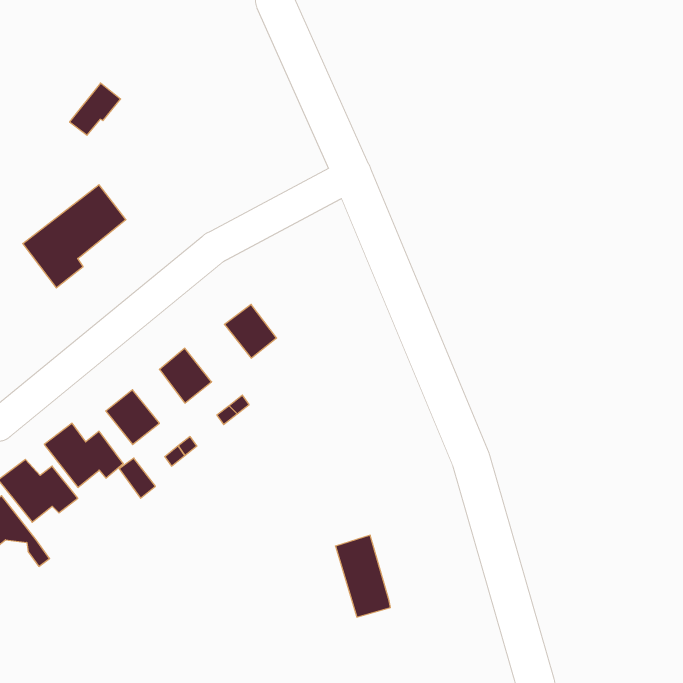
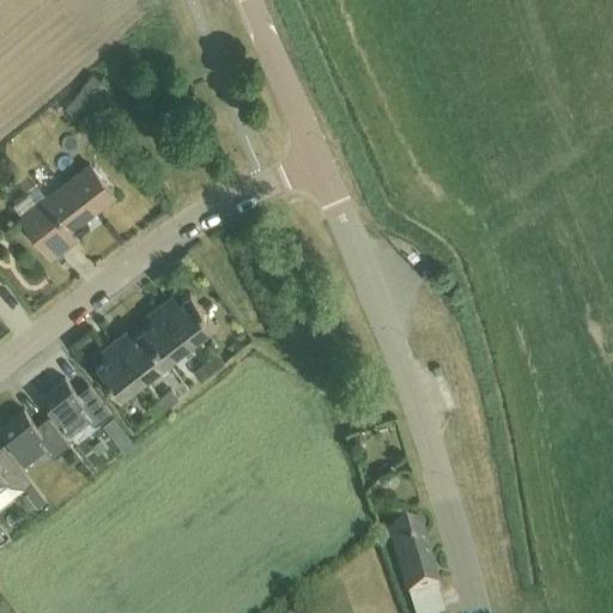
building: [224,304,277,358] -> [165,295,212,342]
building: none -> [119,332,165,380]
building: [335,535,390,617] -> [388,527,437,600]

